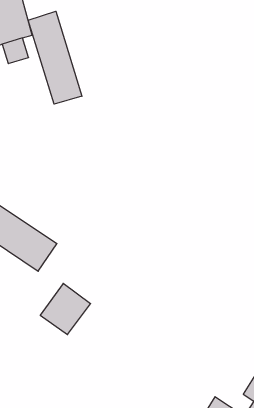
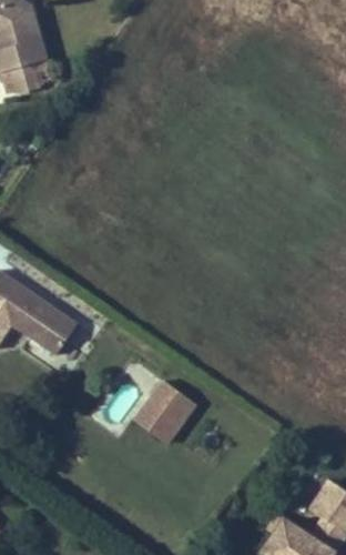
building: [28,11,82,104] -> none
building: [40,283,91,335] -> [132,381,195,445]

